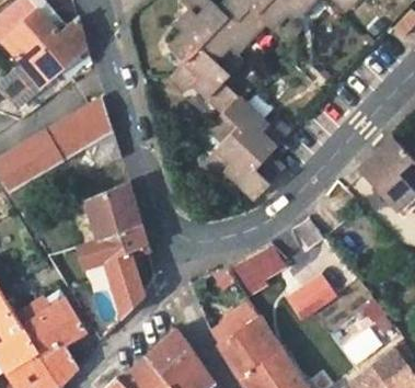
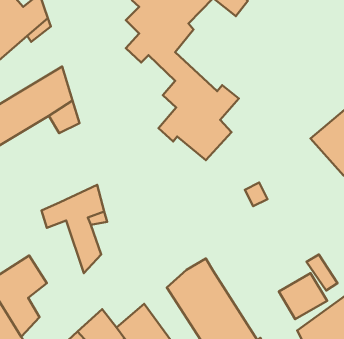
building: [88,184,138,241] -> none
building: [229,240,287,294] -> none
building: [284,272,337,321] -> none
building: [143,327,188,375] -> none

